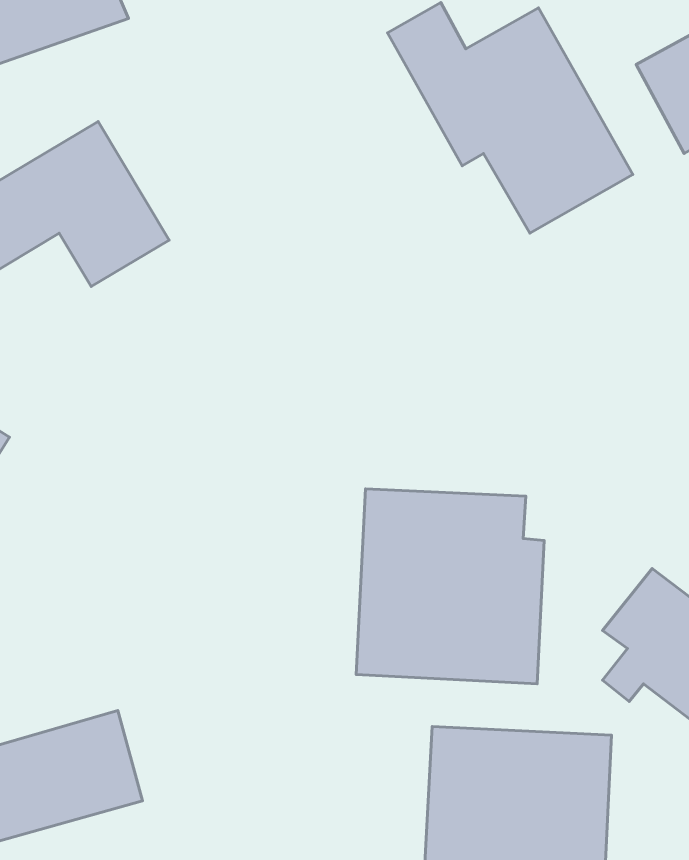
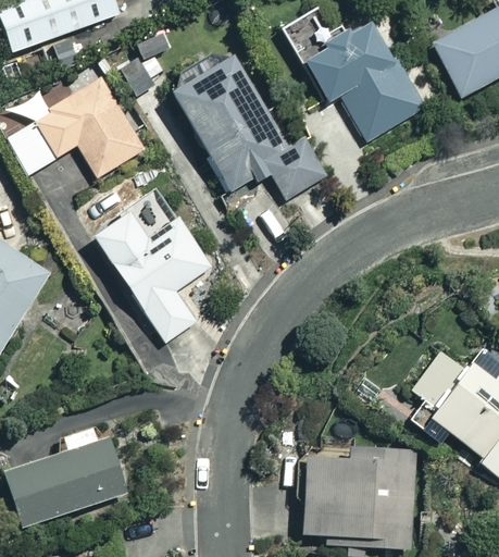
building: none -> [173,54,326,199]
building: none -> [95,212,212,343]
building: [356,489,544,684] -> none

